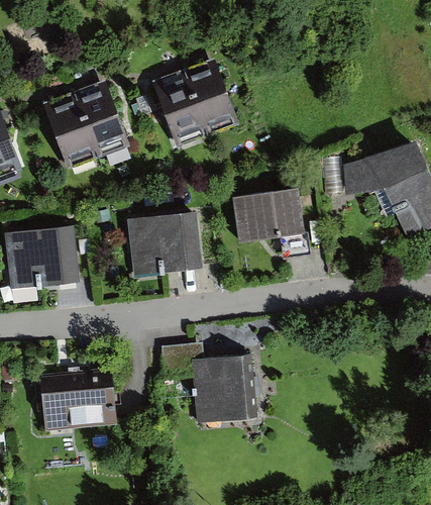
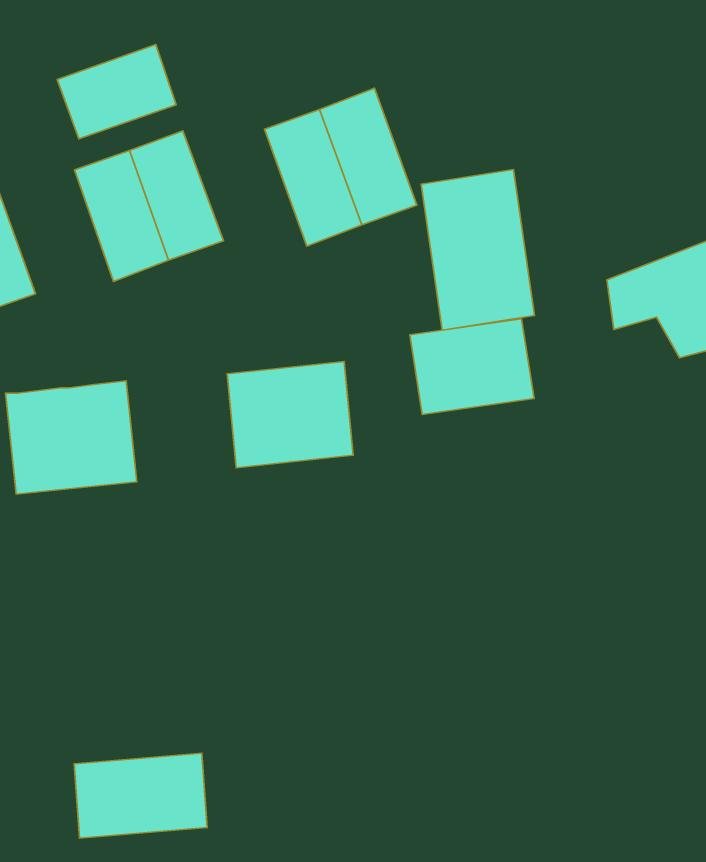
building: none -> [57,45,176,139]
building: none -> [421,170,534,330]
building: [165,344,253,419] -> none
building: [40,382,116,430] -> [74,753,207,838]

